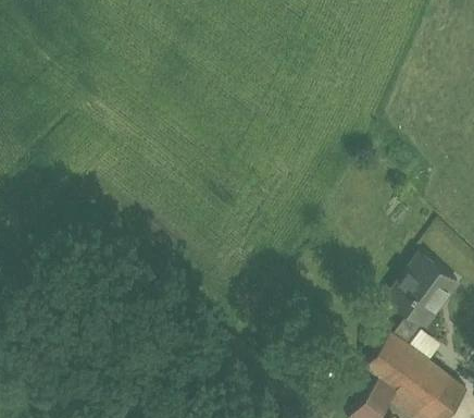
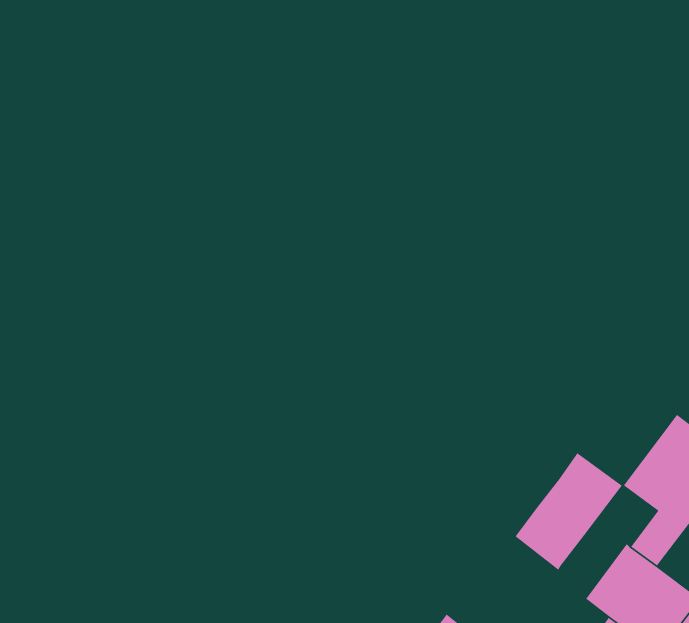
building: none -> [515,452,623,571]

